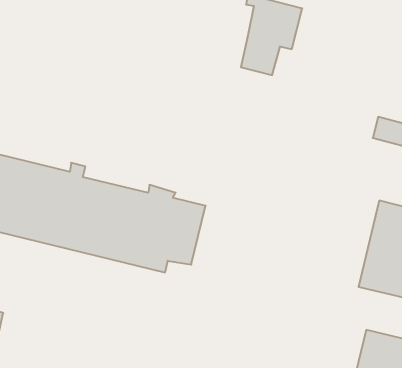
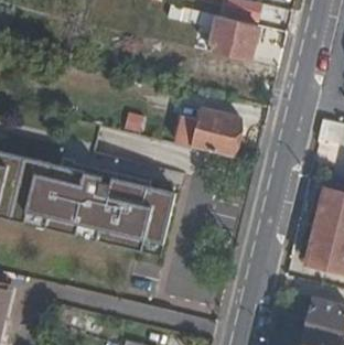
building: none -> [178,109,241,157]

